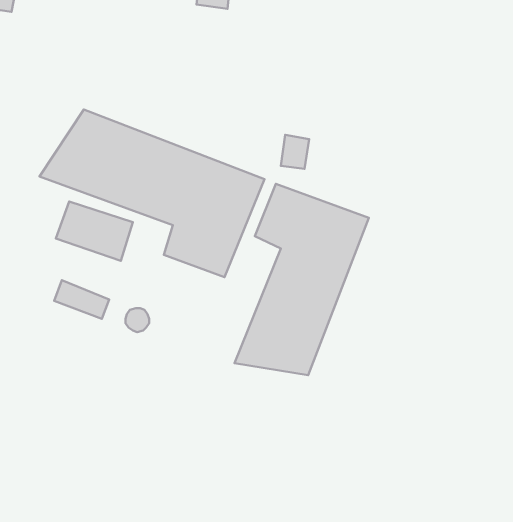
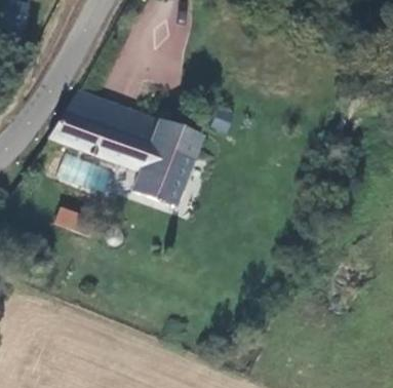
building: [234,184,369,375] -> none

